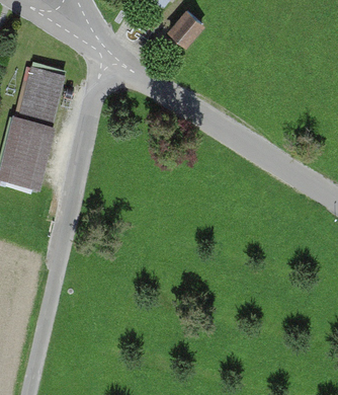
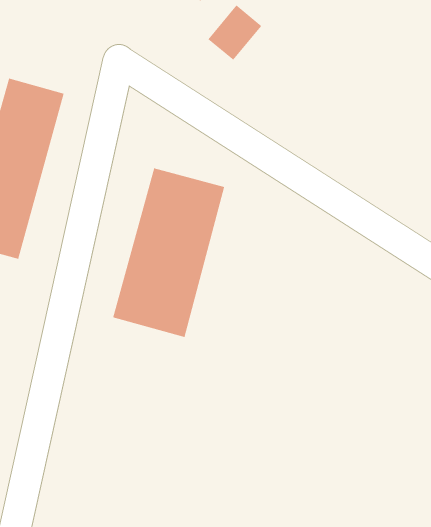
building: none -> [112,167,225,338]

